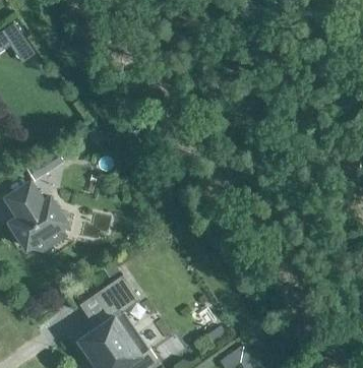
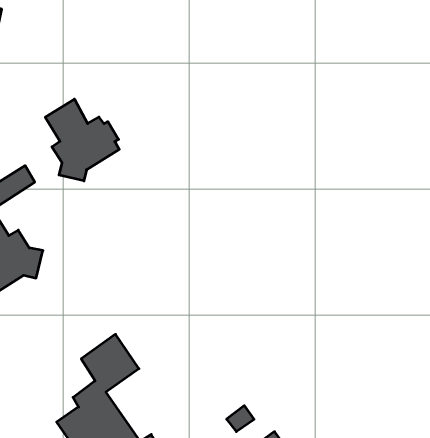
building: none -> [45,99,119,181]

